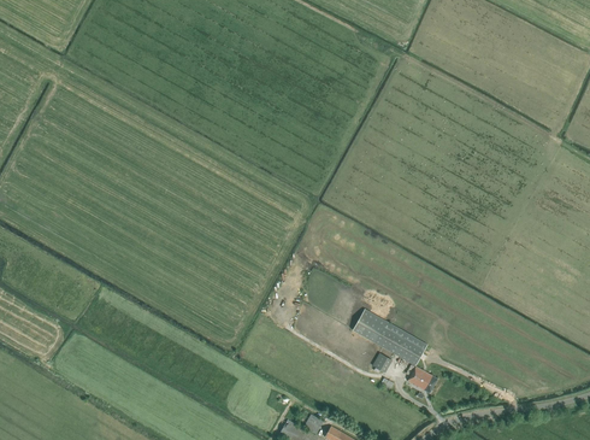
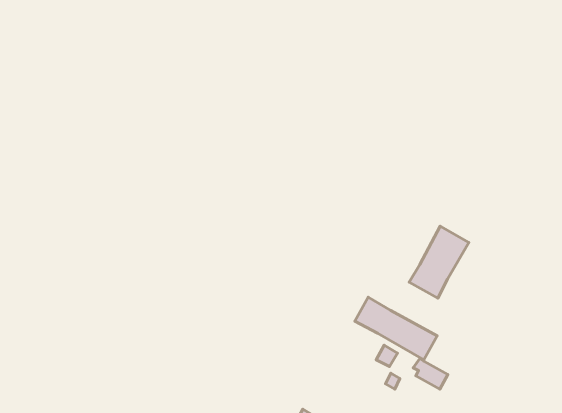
building: none -> [409,226,469,298]

